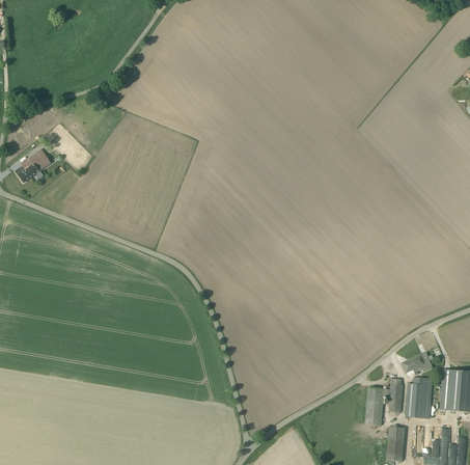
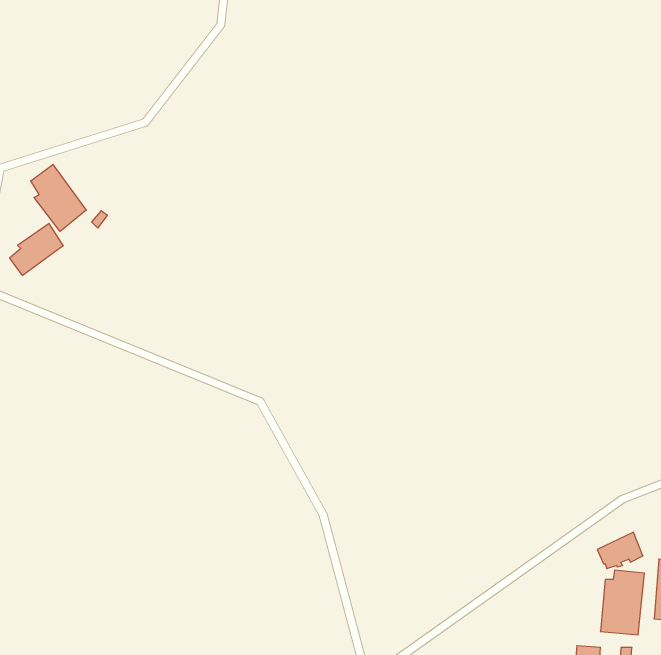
building: none -> [31,164,86,231]
building: [364,379,404,426] -> none

